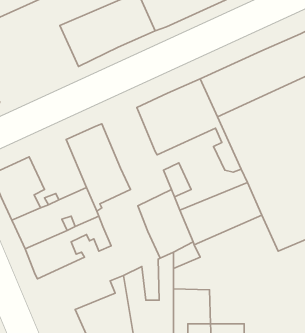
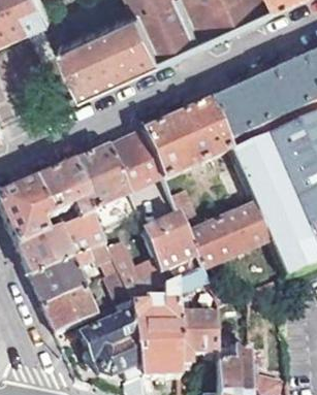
building: none -> [104,134,158,195]
building: none -> [31,166,89,221]
building: none -> [105,250,163,303]
building: none -> [39,278,107,334]

